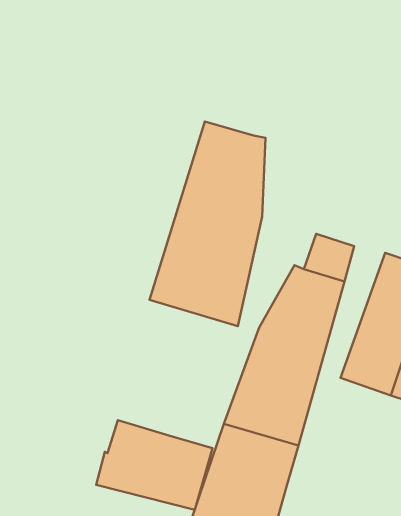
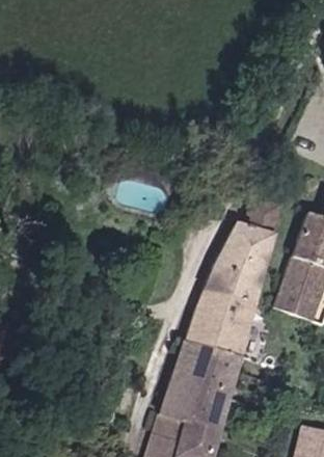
building: [149,121,265,326] -> none
building: [96,420,213,510] -> none

